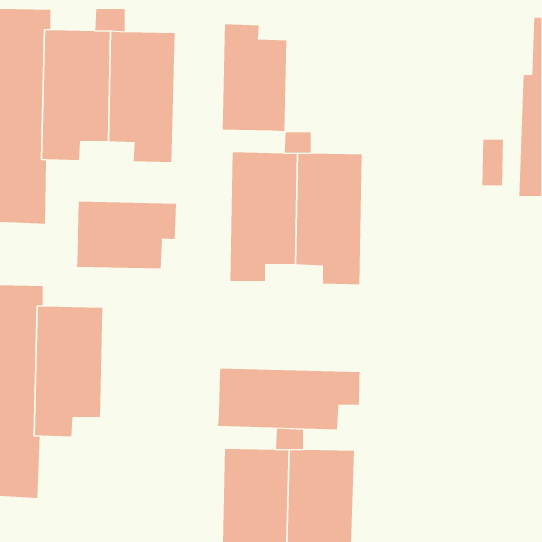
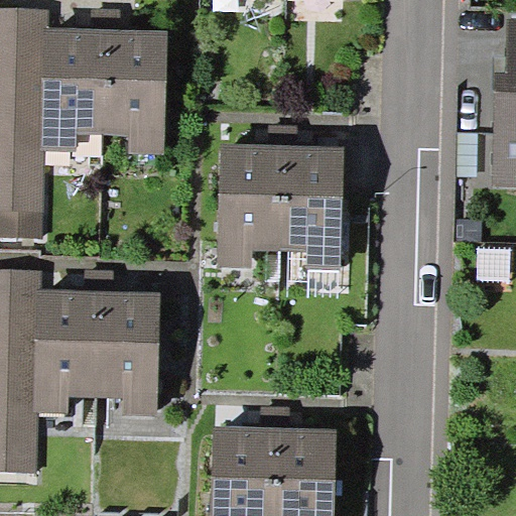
building: [222,24,287,132] -> none
building: [77,201,177,269] -> none
building: none -> [96,292,159,417]
building: [218,368,360,430] -> none

